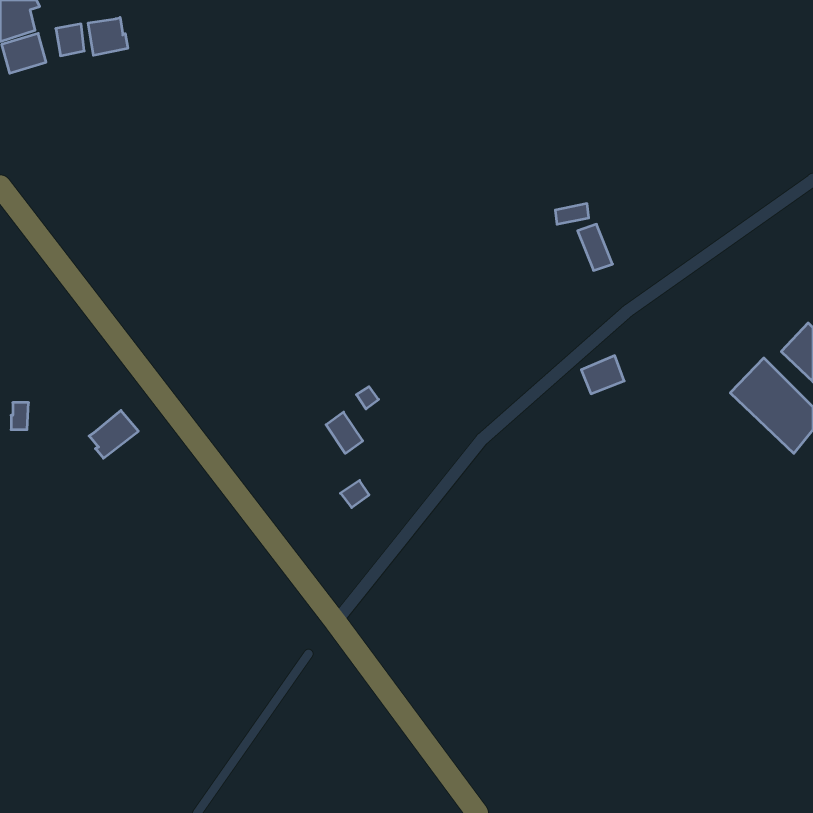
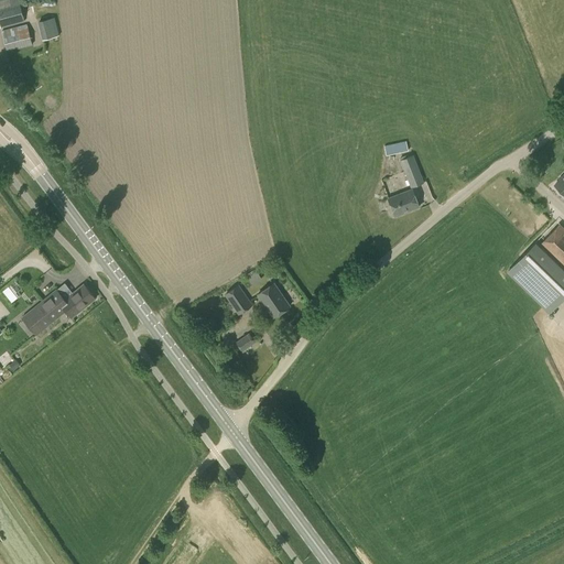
building: [88,17,128,55] -> none
building: [581,356,624,394] -> [389,188,419,215]
building: none -> [258,283,290,317]
building: none -> [22,289,68,335]

